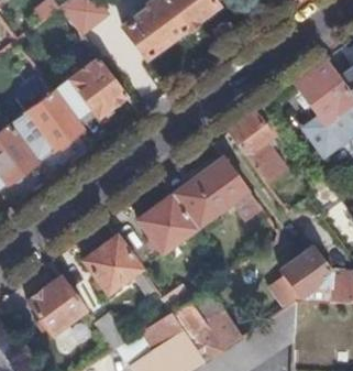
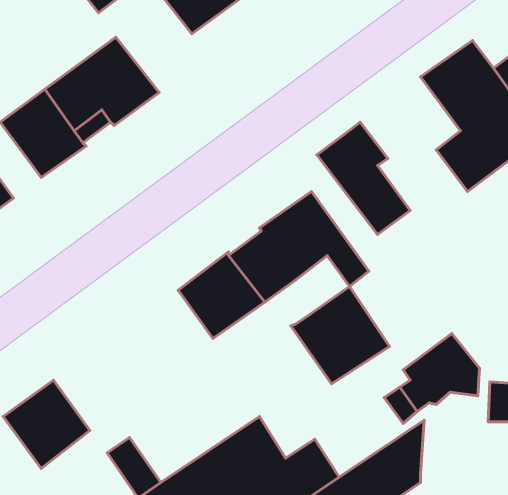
building: none -> [291,287,390,384]
building: [85,236,141,291] -> none

